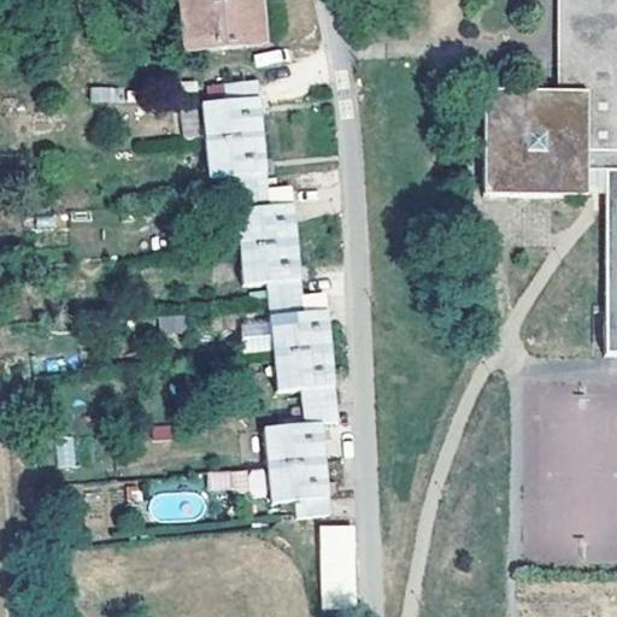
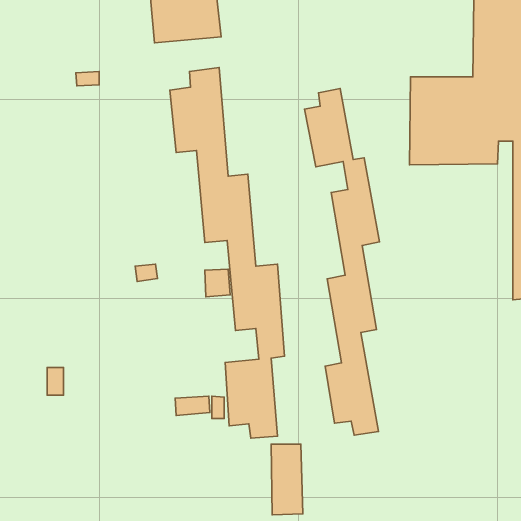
building: none -> [304,88,379,435]

